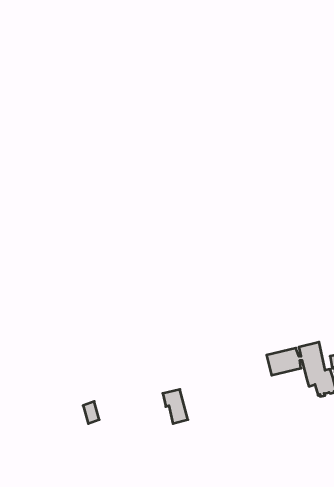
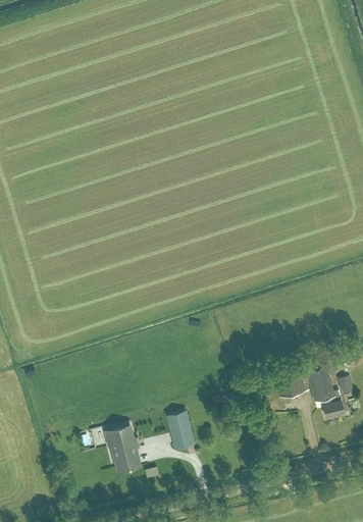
building: none -> [108,428,138,472]

